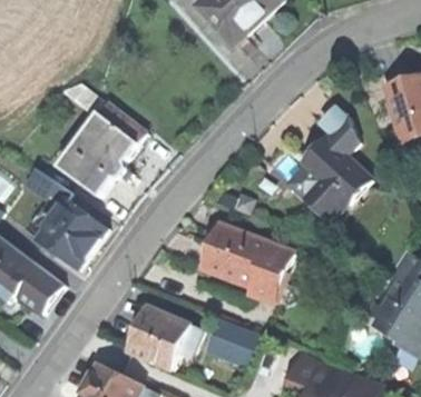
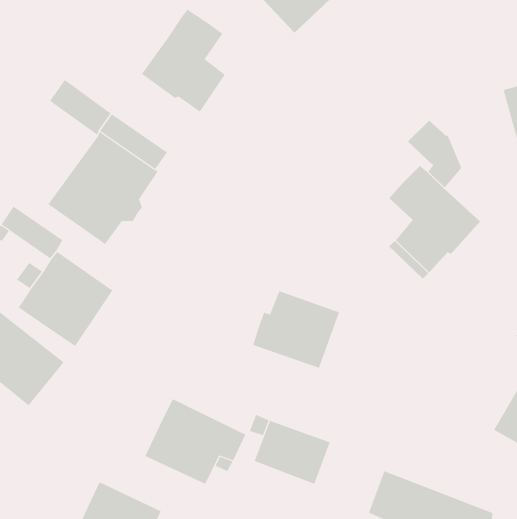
building: none -> [141,9,226,112]
building: [248,245,290,302] -> none

